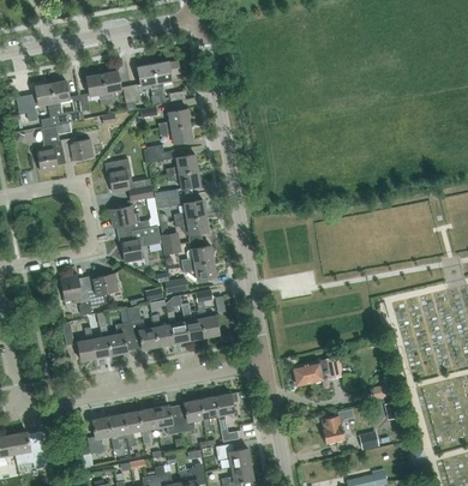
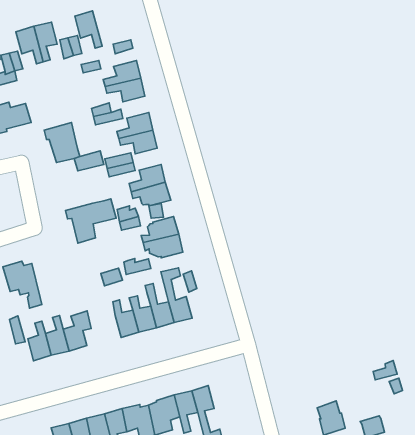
building: [154,61,181,103] -> none
building: [110,206,158,234] -> none
building: [85,275,118,307] -> none
building: [127,306,157,349] -> none
building: [294,356,343,386] -> none

